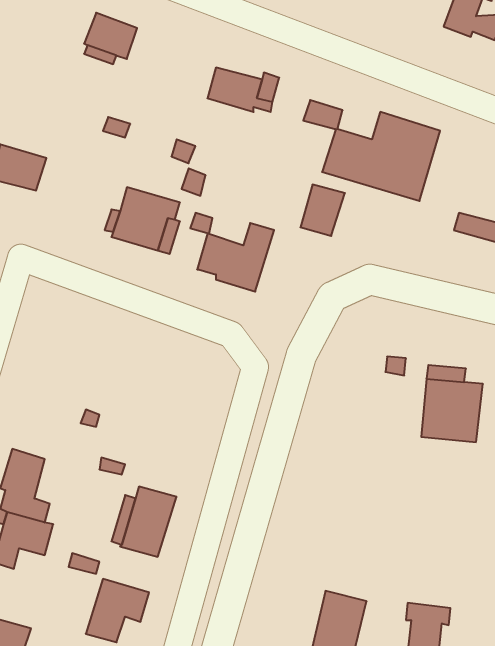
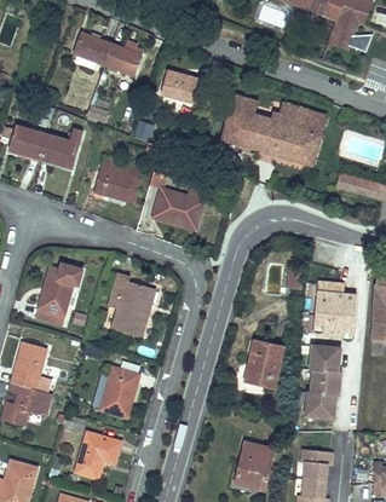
building: none -> [104,44,142,76]
building: none -> [40,129,82,168]
building: [300,185,345,236] -> [220,109,252,145]
building: none -> [35,265,81,327]
building: none -> [109,273,152,337]
building: none -> [244,341,282,387]
building: none -> [305,345,340,419]

